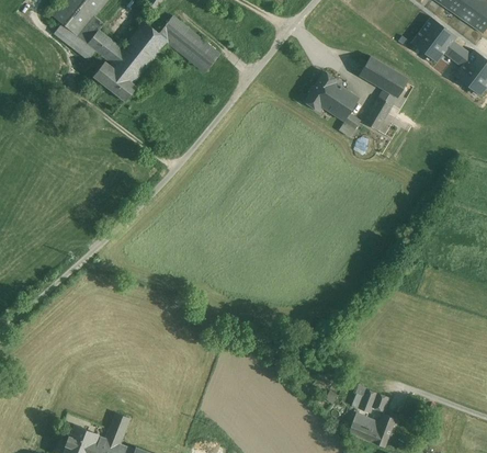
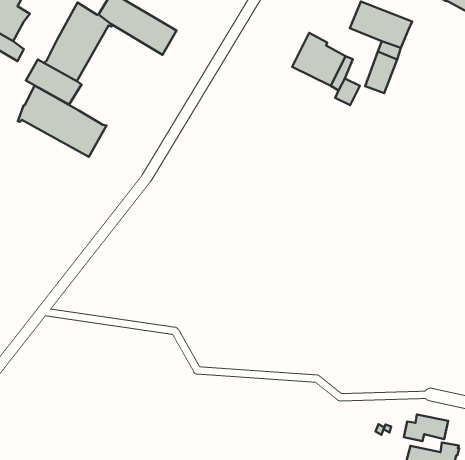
building: [88,30,123,64] -> none
building: none -> [18,85,106,157]

